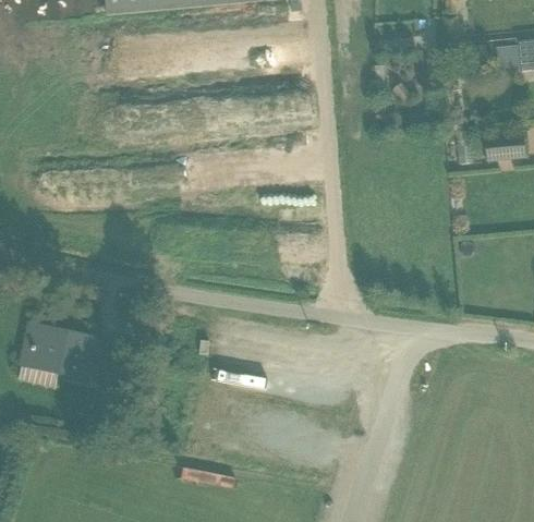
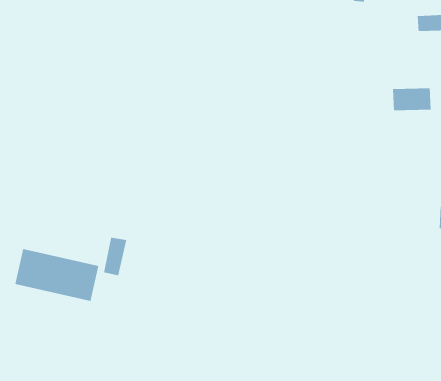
building: none -> [103,237,127,276]

